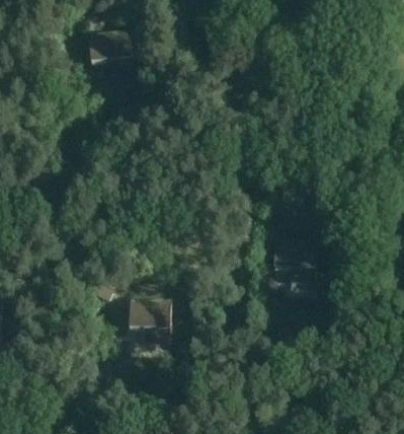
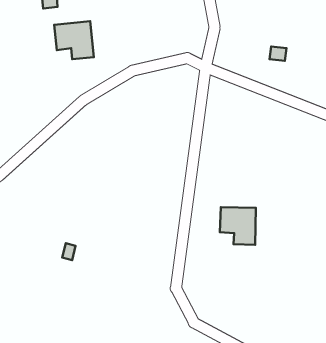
building: [128,302,168,344] -> none

